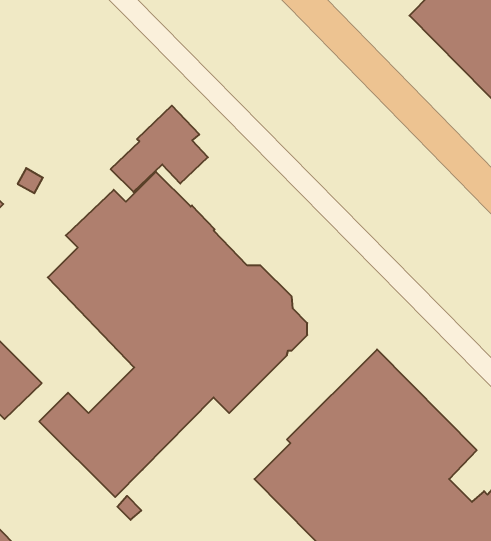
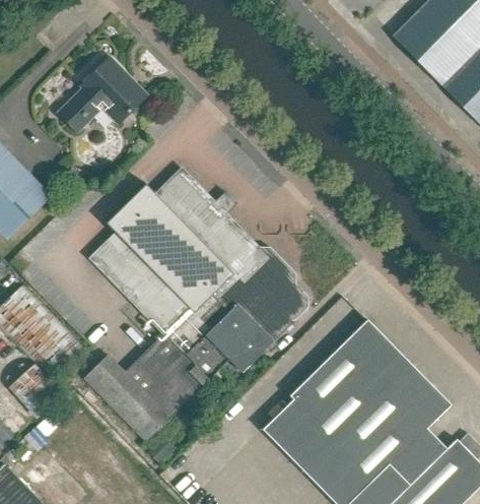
building: [111,106,208,192] -> [59,58,141,131]

